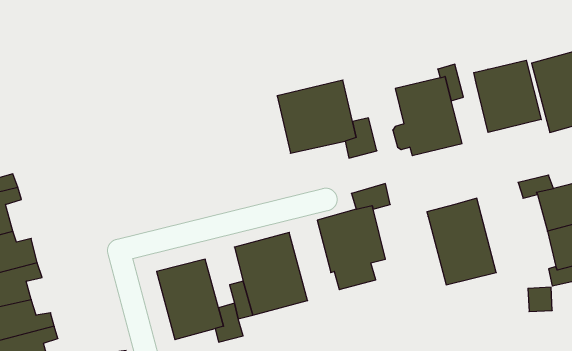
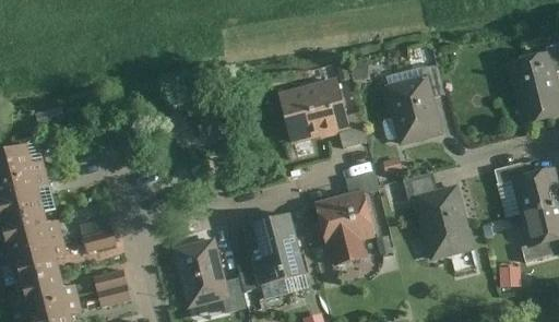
building: [474,60,541,132] -> none
building: none -> [403,172,438,201]
building: none -> [85,218,121,248]
building: none -> [99,274,135,305]

